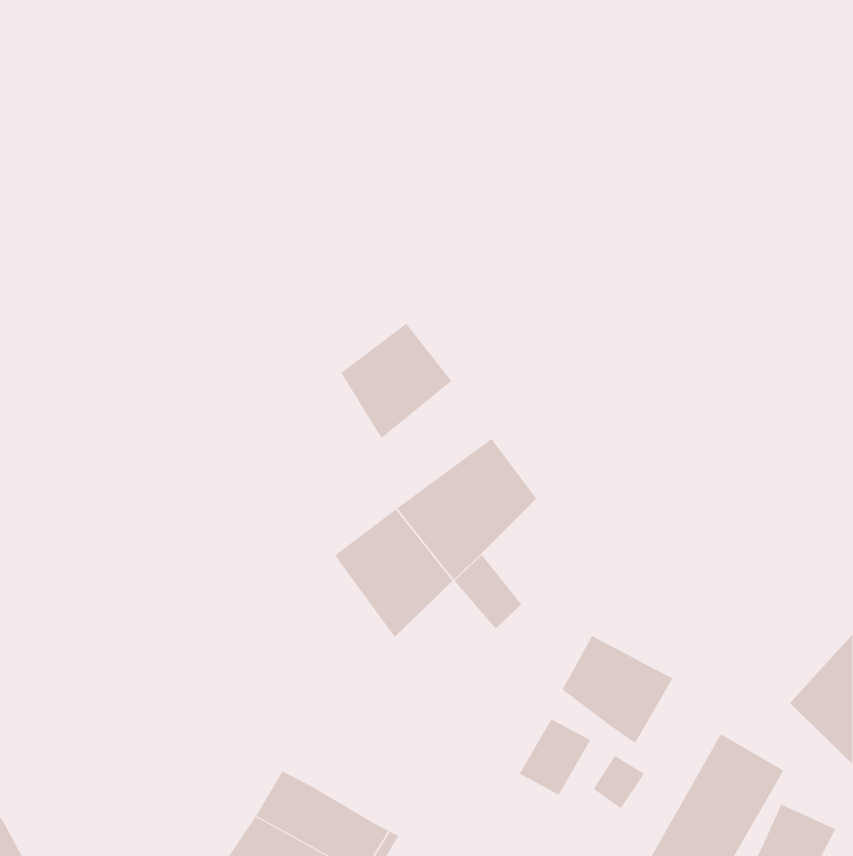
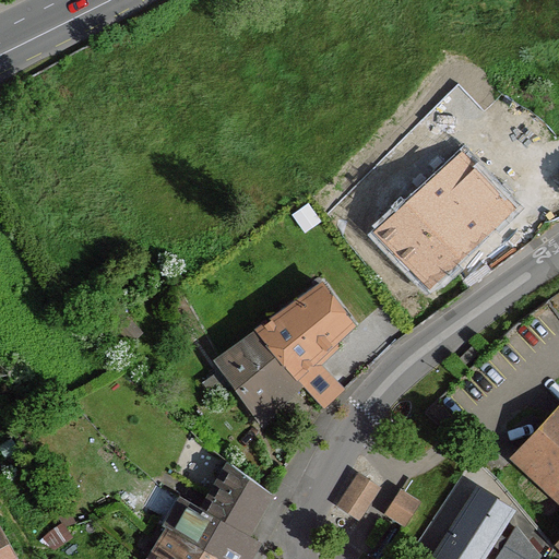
building: none -> [381,158,508,285]
building: [341,323,452,439] -> none
building: [562,635,673,744] -> none
building: none -> [204,466,270,537]

